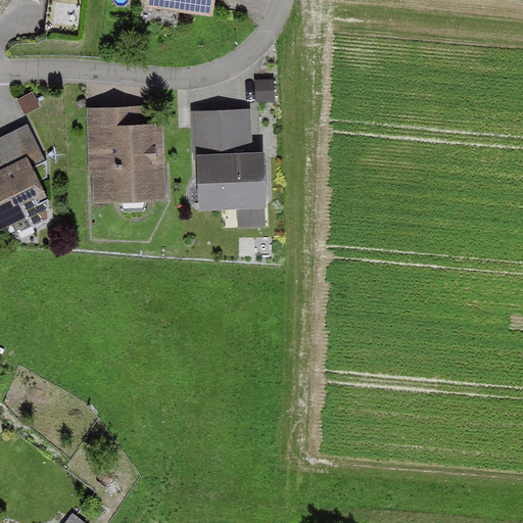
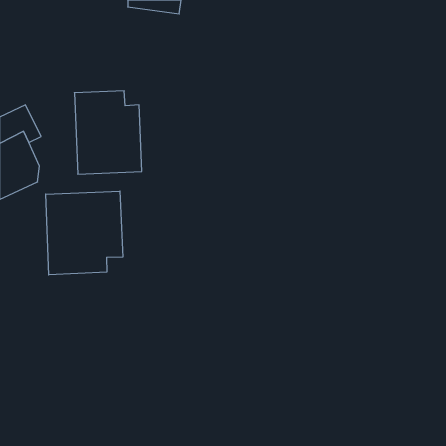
building: [192,108,264,208] -> none
building: none -> [46,191,123,275]

